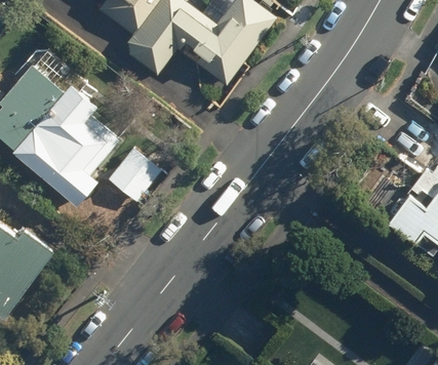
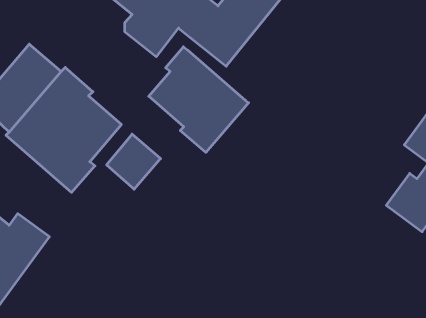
building: none -> [149,47,249,152]

